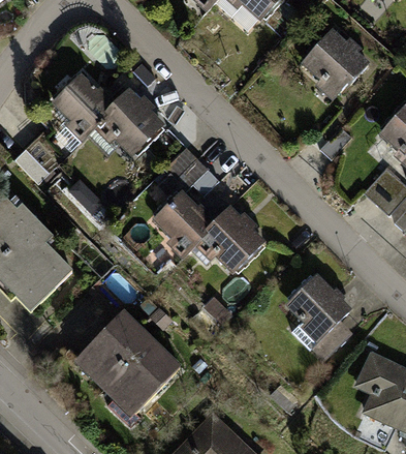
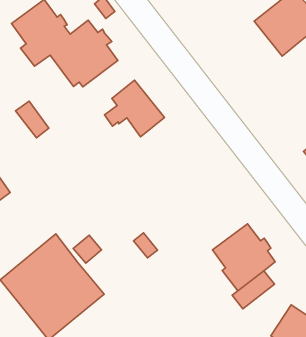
building: [153,188,264,271] -> none

